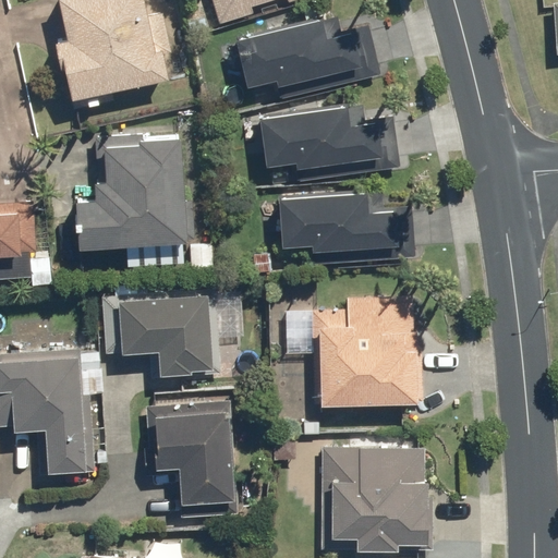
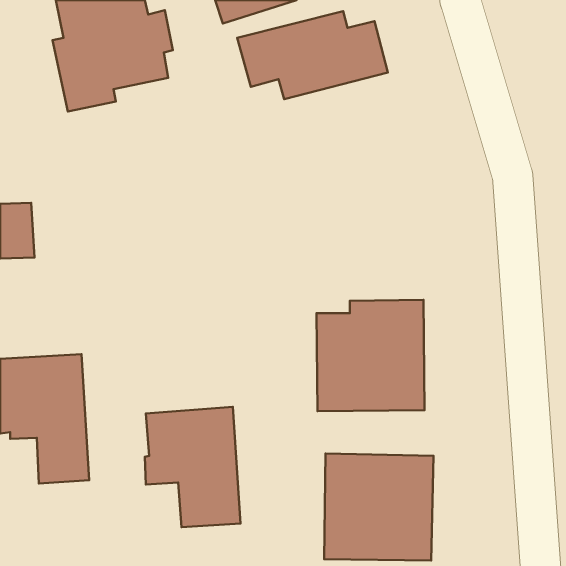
building: [259,102,402,183] -> none
building: [75,133,189,268] -> none
building: [278,191,416,267] -> none
building: [101,289,223,379] -> none

